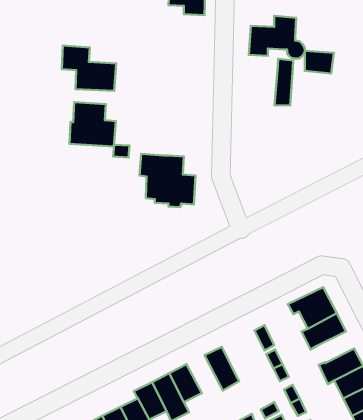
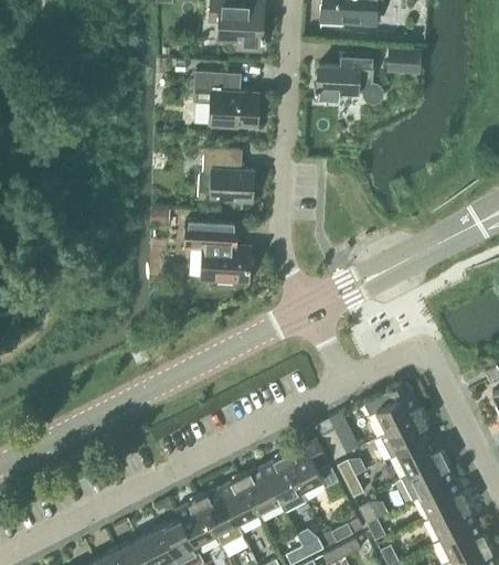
building: [62,46,116,91] -> [193,72,259,127]
building: [305,51,334,74] -> [390,49,425,76]
building: [275,59,293,106] -> none
building: [70,102,116,147] -> [199,148,255,202]
building: none -> [399,437,444,476]
building: none -> [283,438,338,491]
building: none -> [240,466,280,512]

